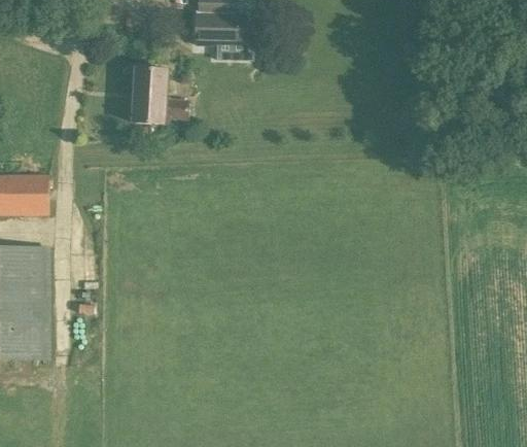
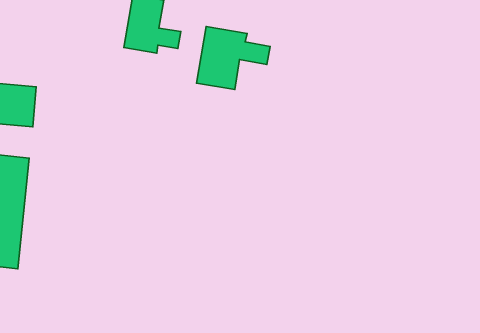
building: none -> [196,27,270,89]

